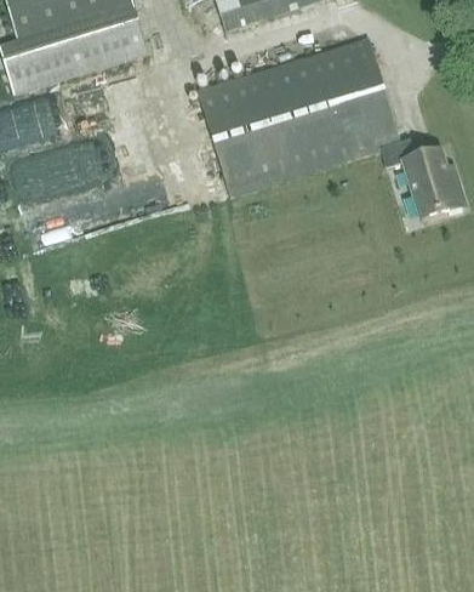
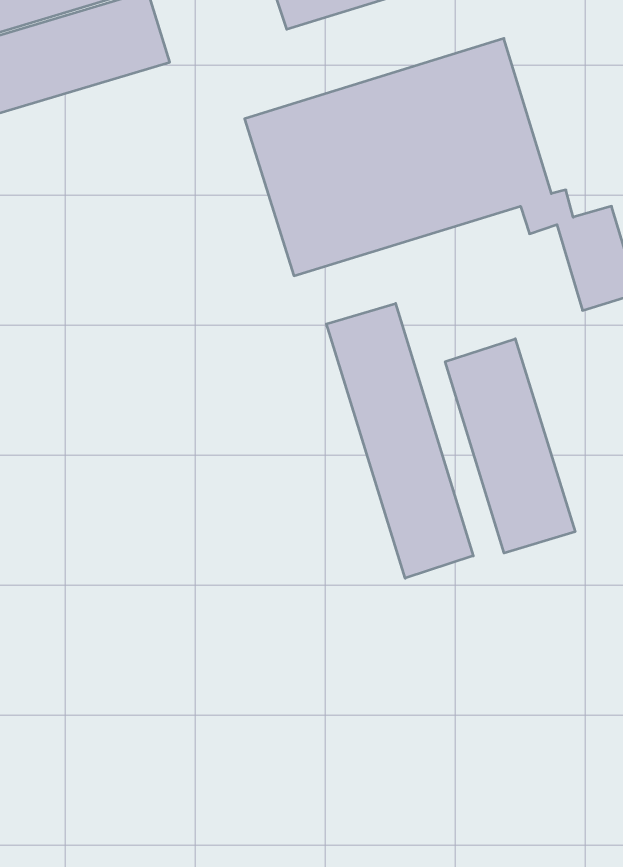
building: none -> [326,303,473,578]
building: none -> [445,339,575,553]

